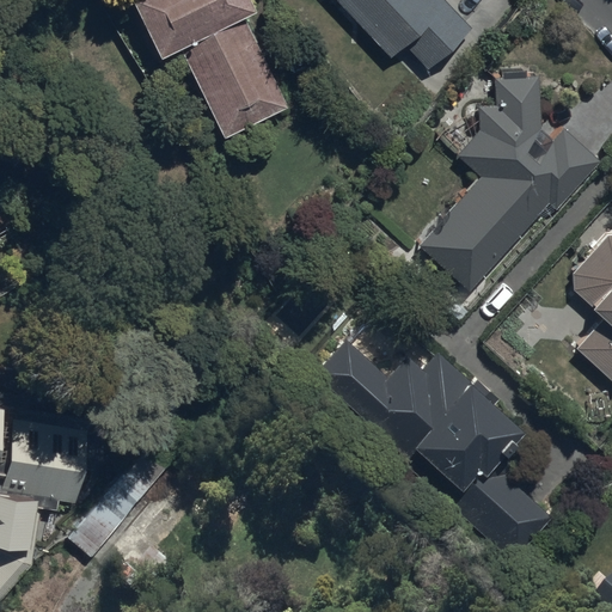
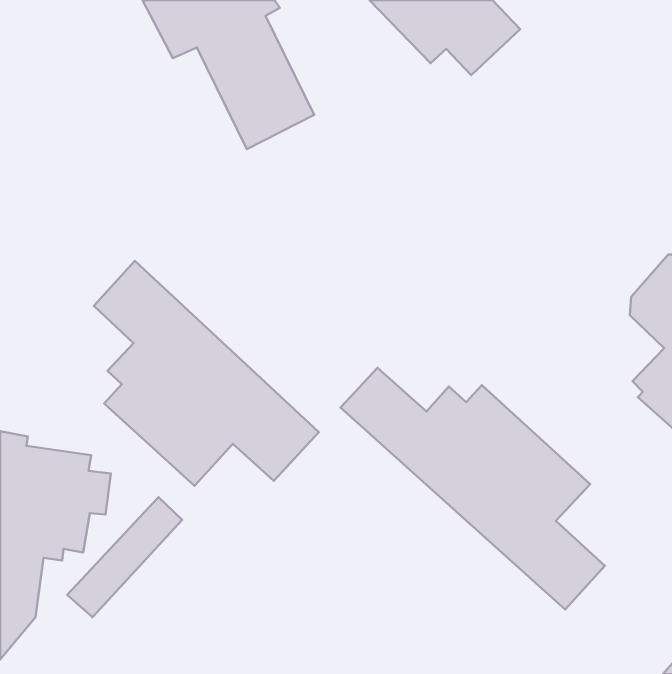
building: [417,69,601,289] -> none
building: none -> [94,261,319,486]

